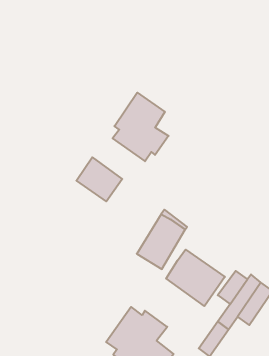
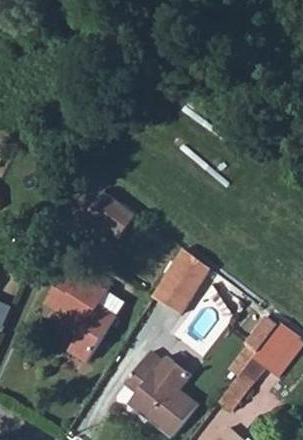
building: [113,93,169,161] -> none
building: none -> [43,274,123,365]
building: [166,250,225,306] -> none

